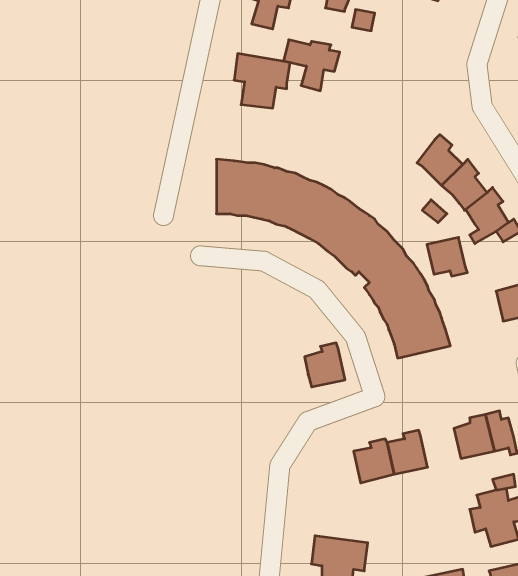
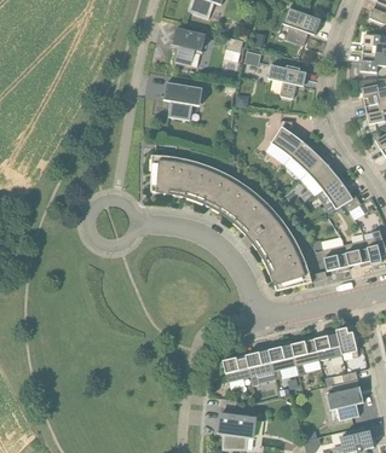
building: [283,40,340,91] -> [267,64,306,99]
building: none -> [271,121,301,157]
building: [427,237,467,276] -> [322,245,350,272]
building: [305,343,345,387] -> [223,352,250,382]
building: none -> [292,336,319,366]

